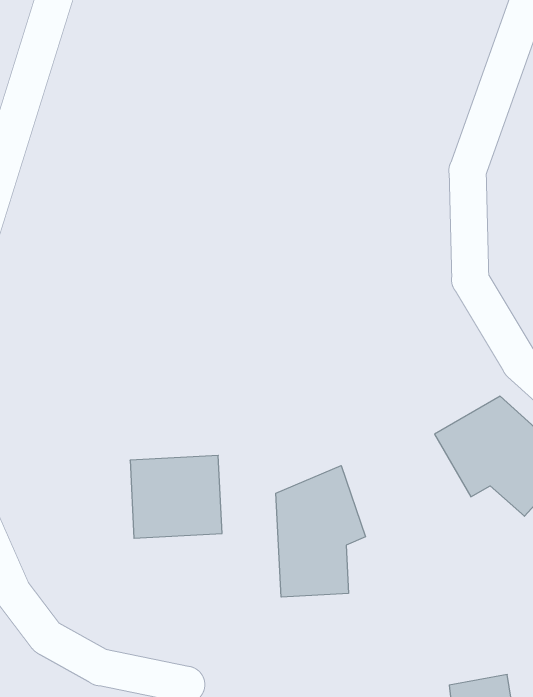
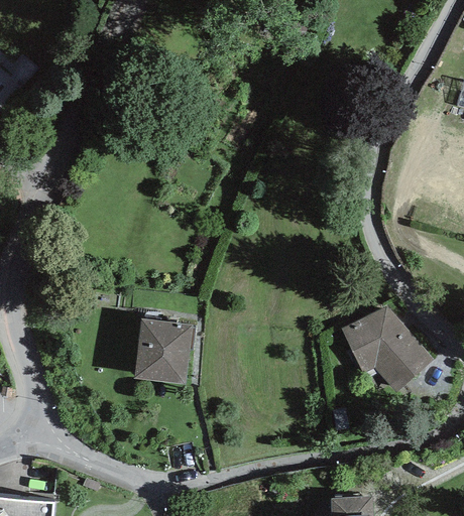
building: [276,466,365,597] -> none

